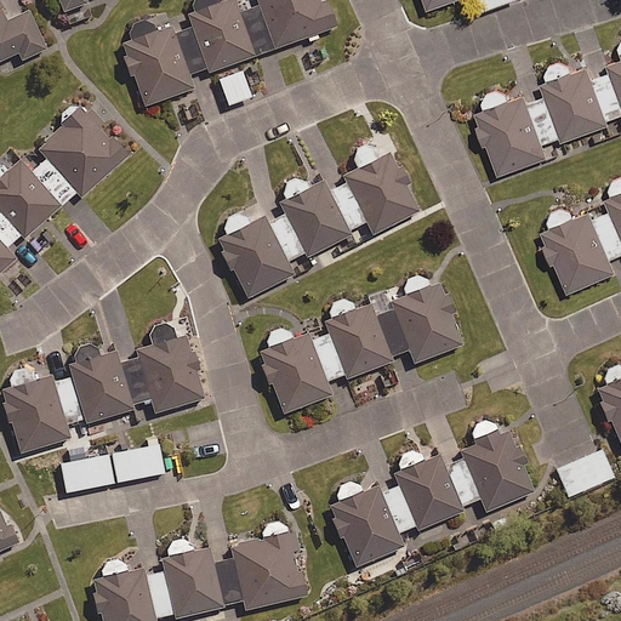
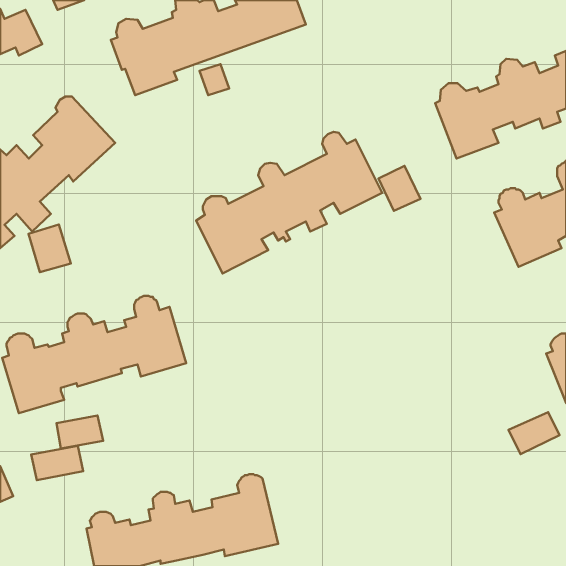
building: none -> [379,166,420,211]
building: none -> [29,224,71,272]
building: [260,275,462,414] -> none
building: [331,418,531,566] -> none
building: [107,445,164,483] -> [31,446,83,480]

